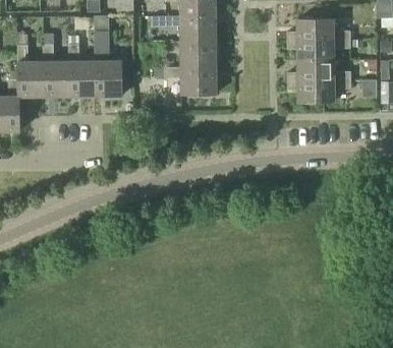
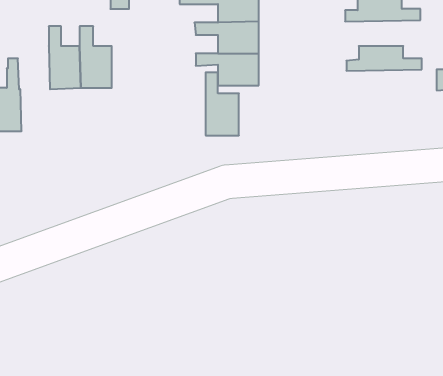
building: [287,40,350,61] -> none
building: [95,44,122,96] -> [206,72,239,135]
building: [17,45,44,97] -> none
building: [288,80,350,102] -> none

